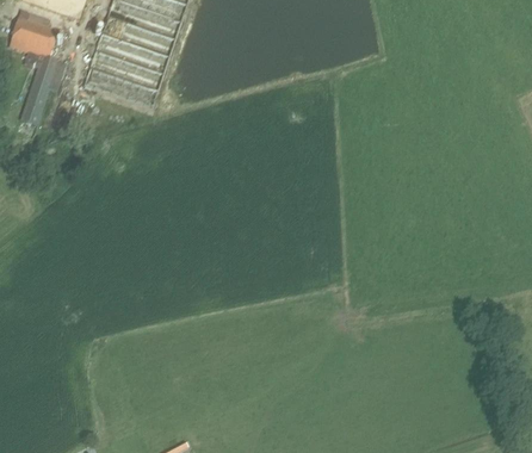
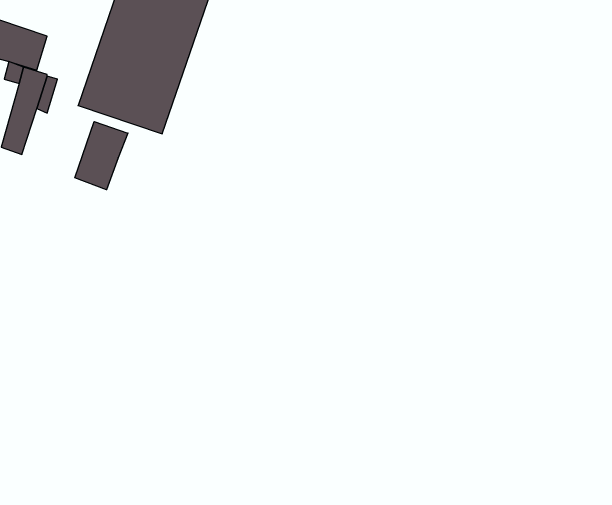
building: none -> [75,122,128,190]

